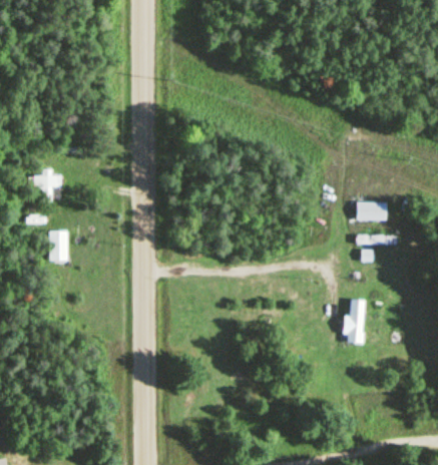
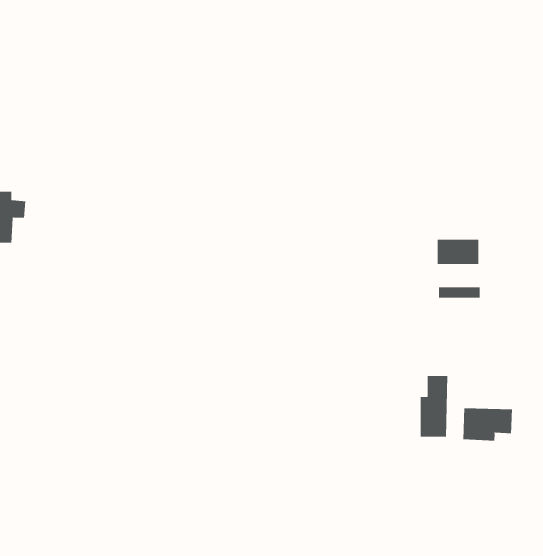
building: [49,229,68,261] -> none
building: none -> [463,408,513,442]

